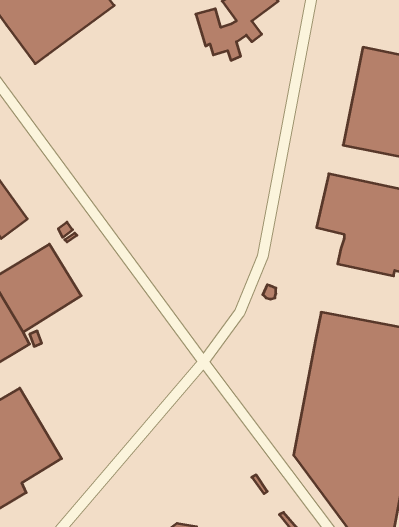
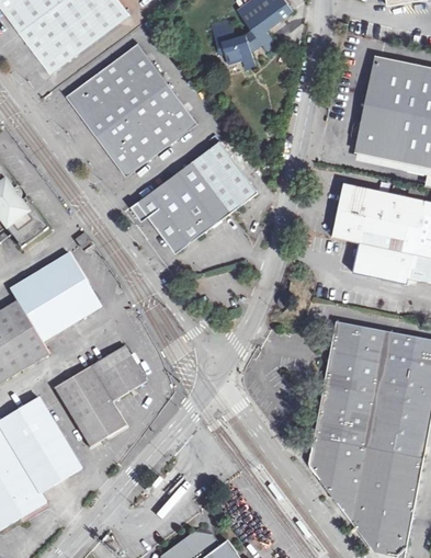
building: none -> [67,44,196,176]
building: none -> [132,143,257,253]
building: none -> [52,345,143,445]

